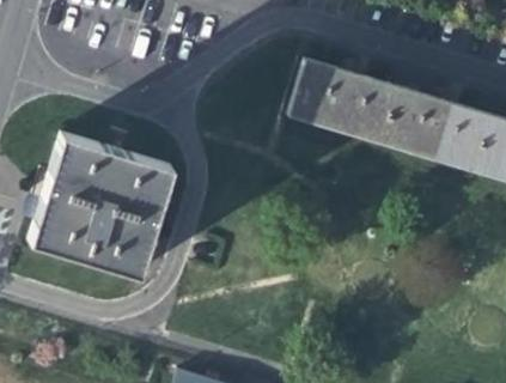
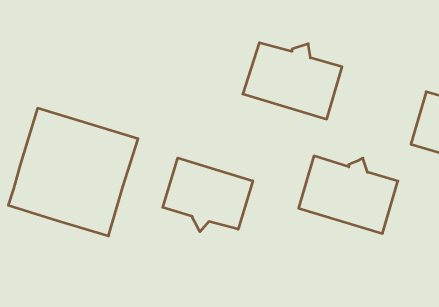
building: [378,86,487,171] -> [299,156,398,233]
building: none -> [163,158,253,232]

